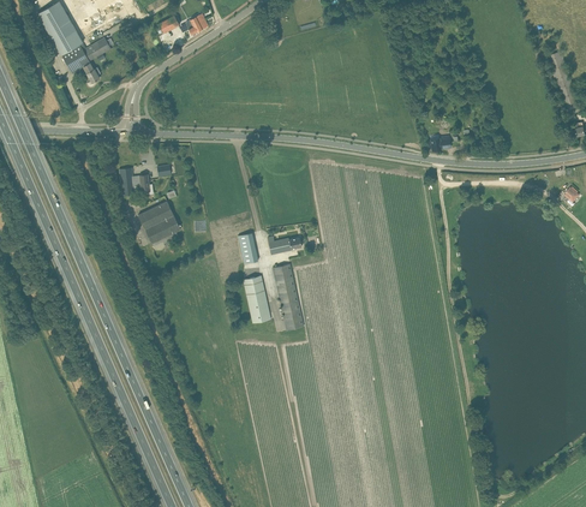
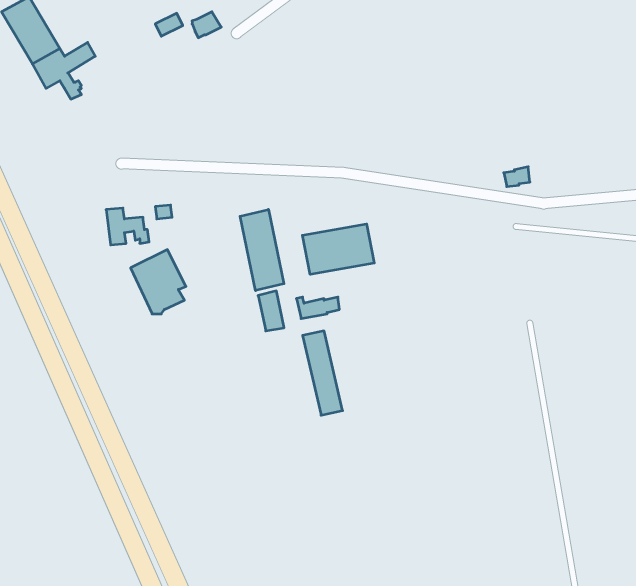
building: none -> [240,209,284,291]
building: none -> [302,224,374,274]
building: [243,275,271,323] -> none

